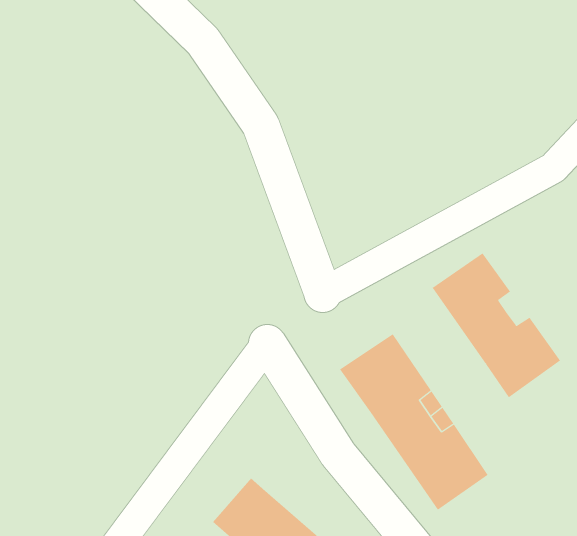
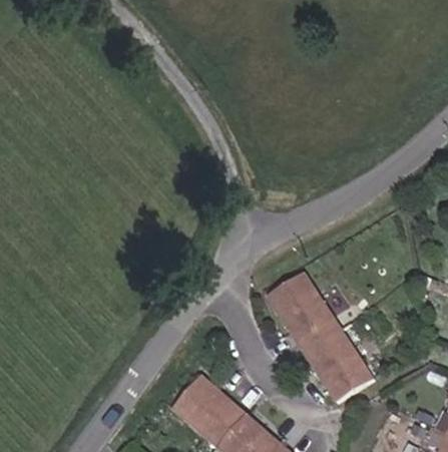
building: [432,252,561,398] -> none

